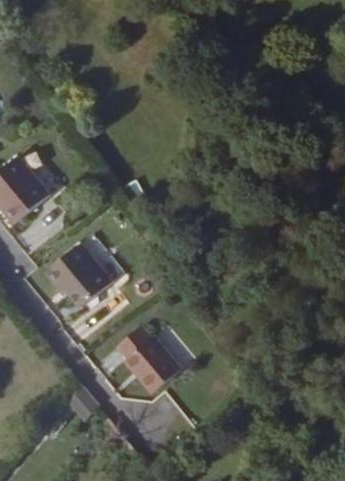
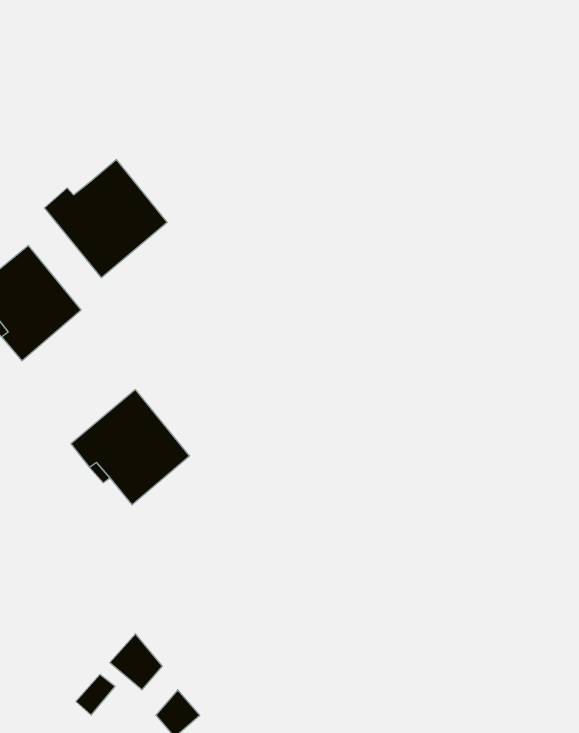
building: none -> [45,159,167,278]
building: [116,326,181,393] -> none

